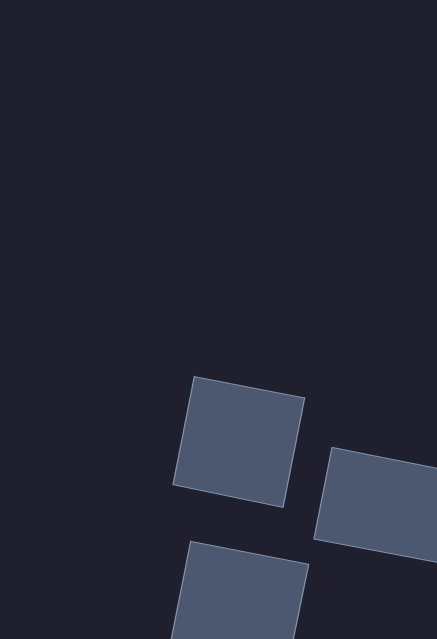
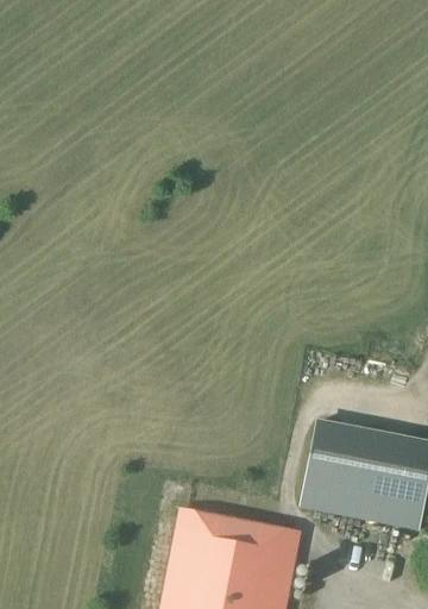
building: [173,376,305,507] -> none

